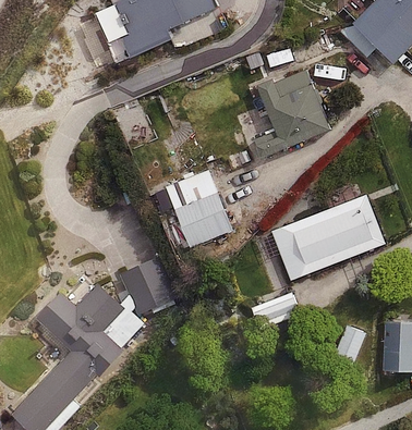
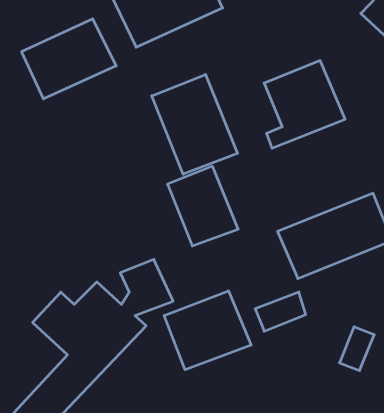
building: none -> [22,19,116,99]
building: none -> [152,74,238,174]
building: none -> [164,291,251,370]

